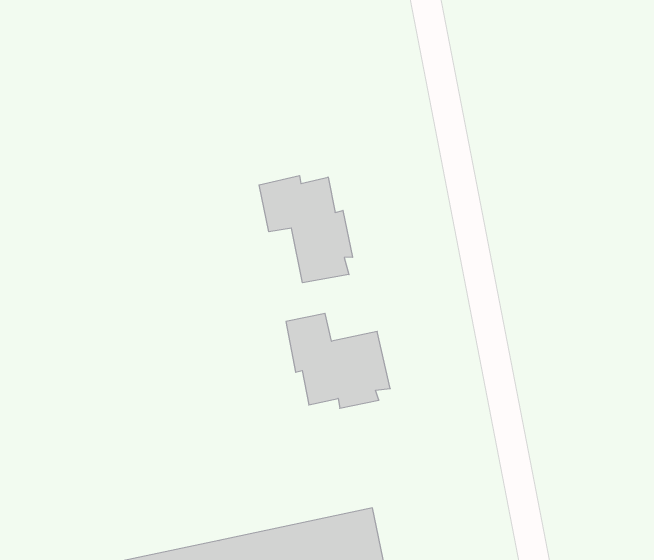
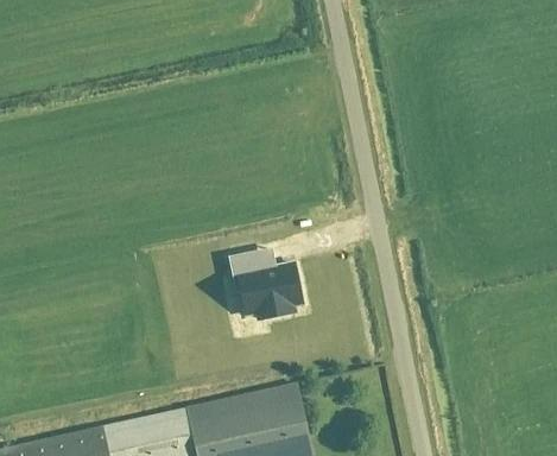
building: [259,176,353,283] -> none

